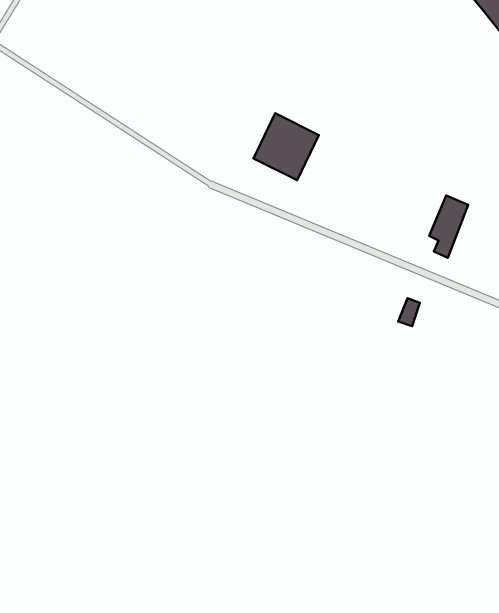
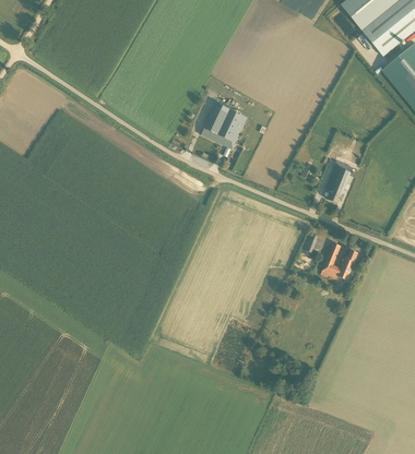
building: none -> [320,242,357,279]

